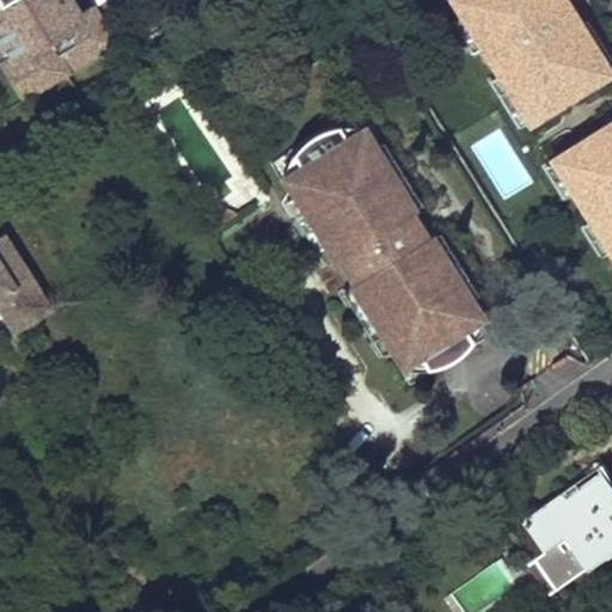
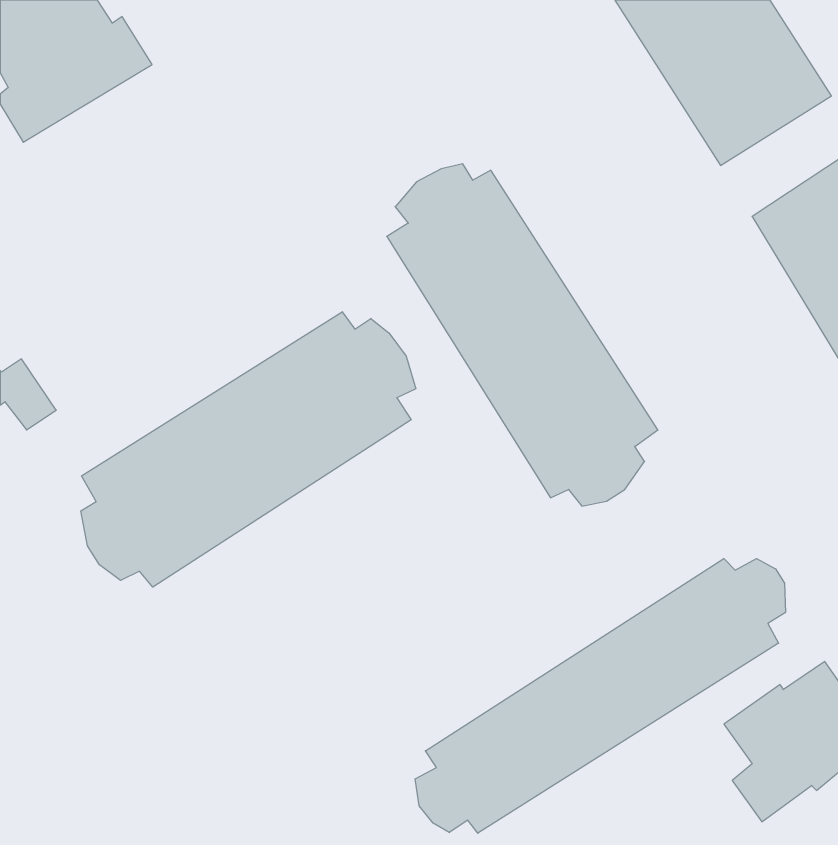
building: none -> [81,312,416,587]
building: none -> [415,559,785,833]

